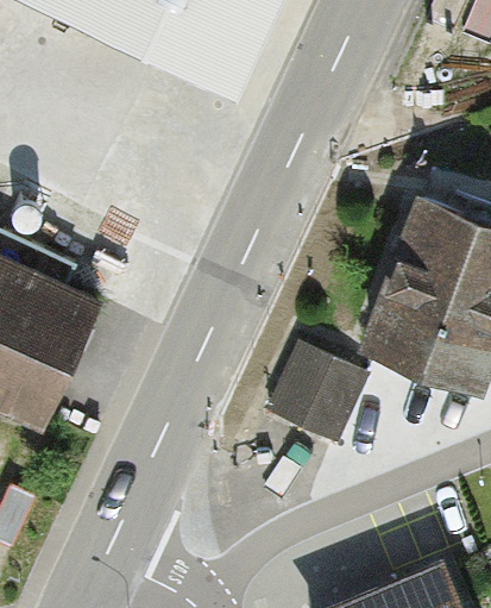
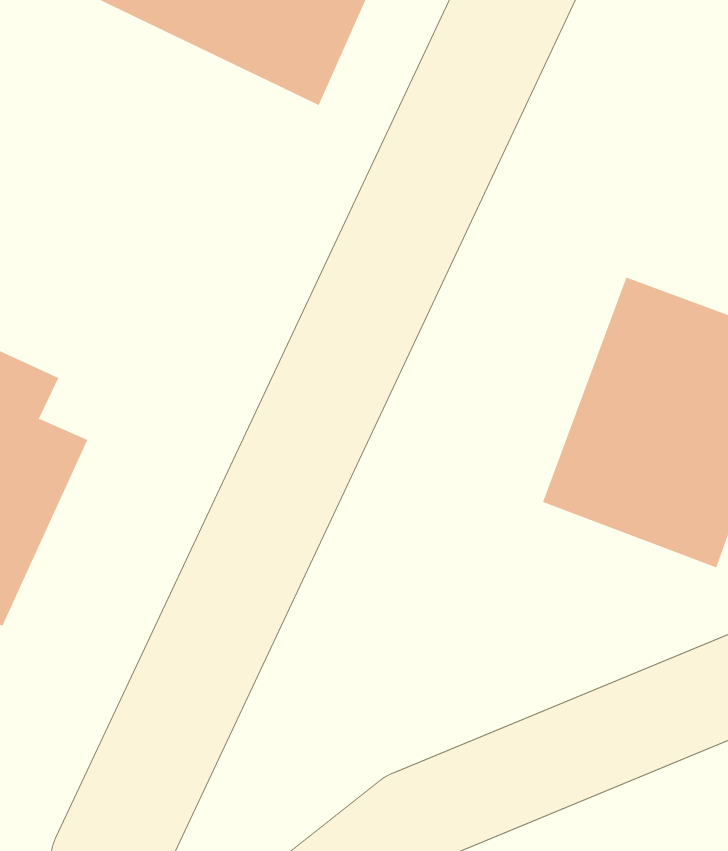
building: [266,345,363,441] -> none

